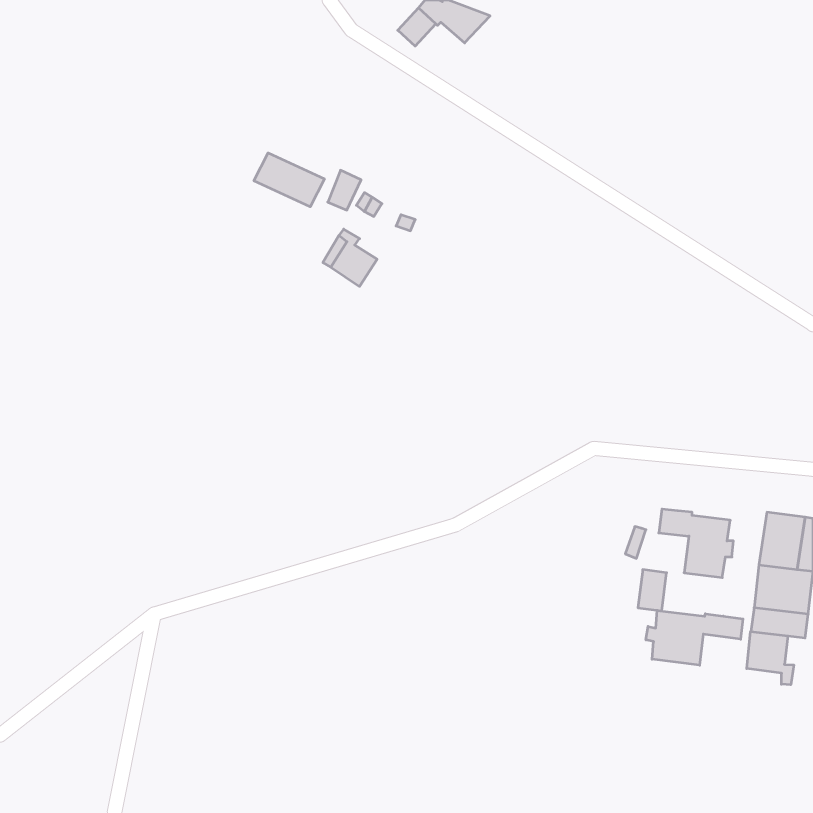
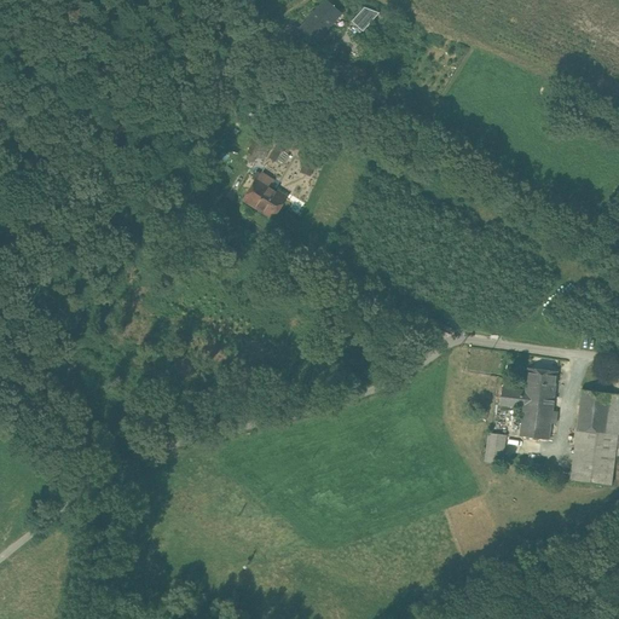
building: [254,153,324,207] -> none
building: none -> [526,368,557,395]
building: [646,610,743,665] -> none
building: [747,632,794,685] -> none

